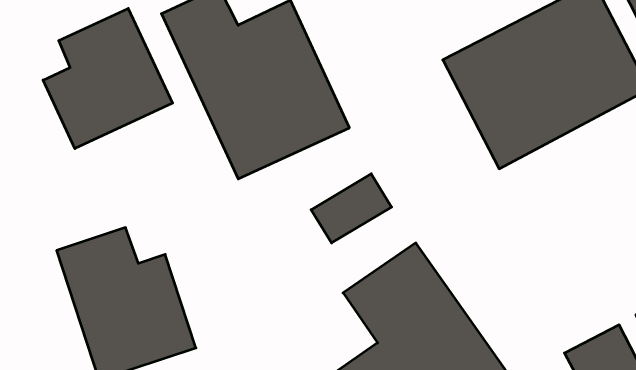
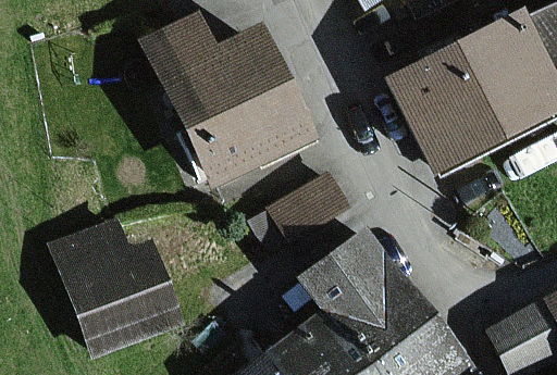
building: [43,8,173,149] -> none

